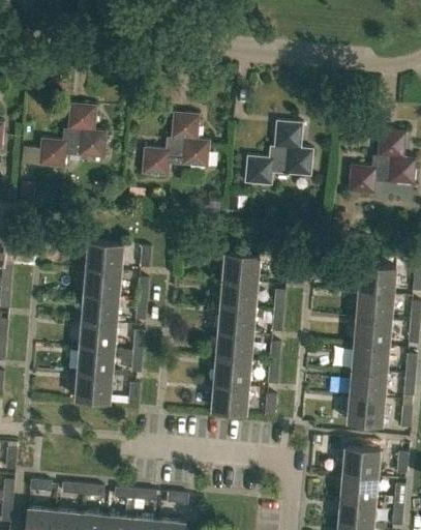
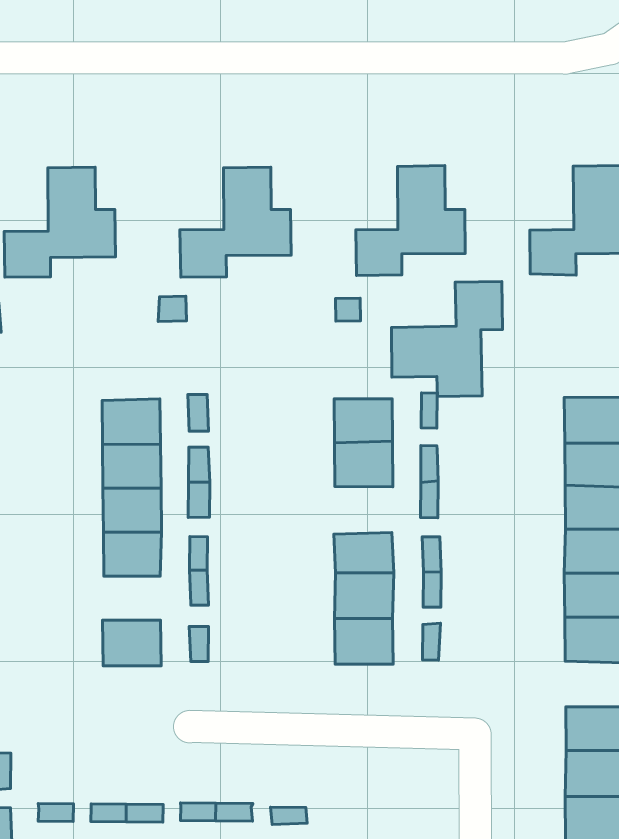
building: none -> [391,282,502,397]
building: [218,306,255,336] -> none
building: [78,347,114,376] -> none

